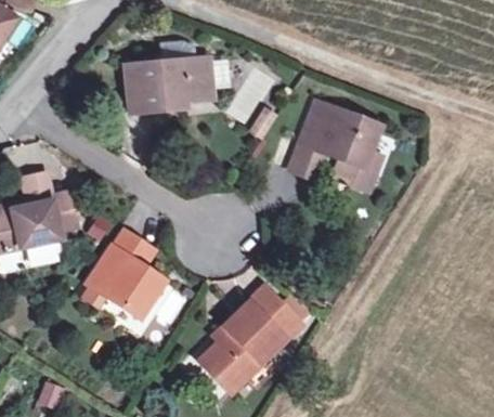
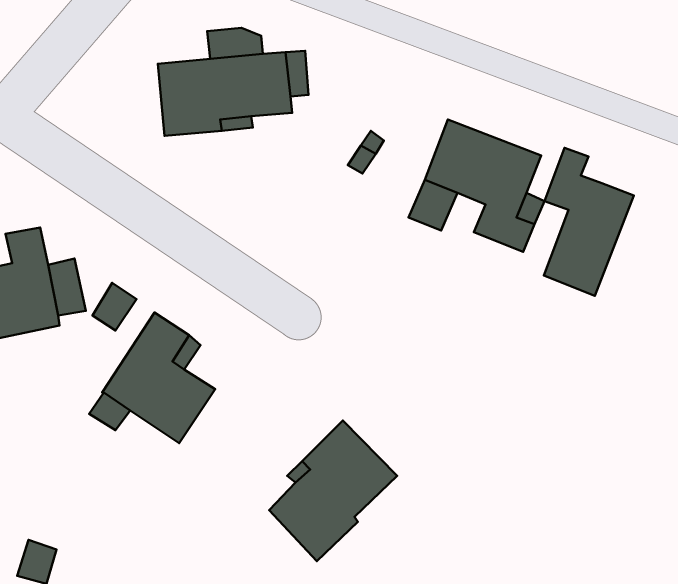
building: none -> [544,148,634,296]
building: [248,286,300,339] -> none

